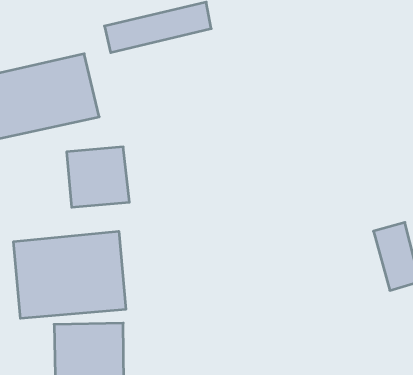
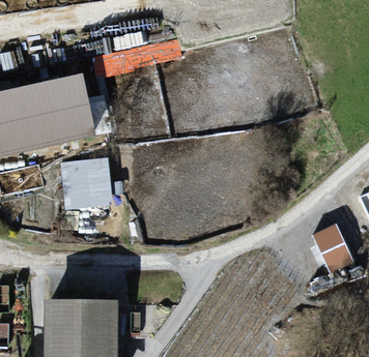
building: [14,231,126,318] -> none

